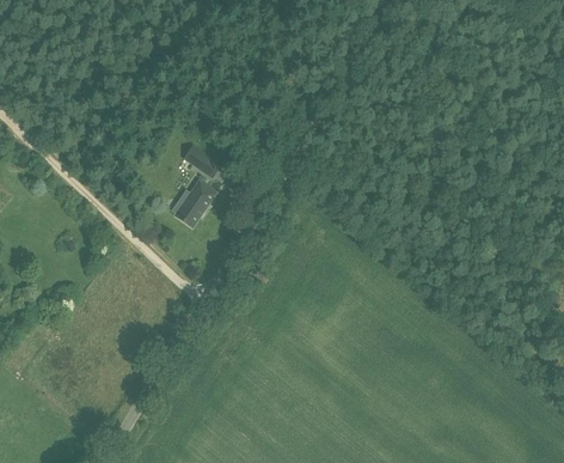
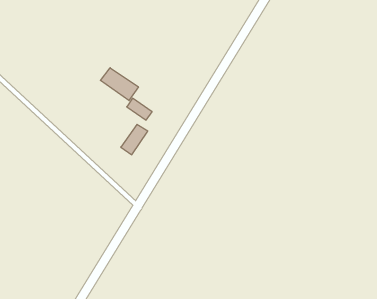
building: none -> [100,68,138,101]

